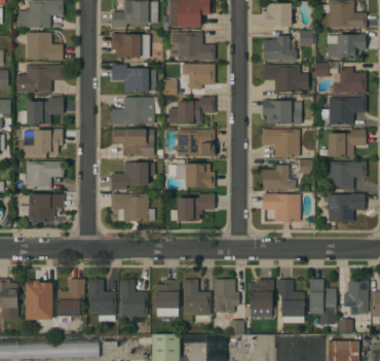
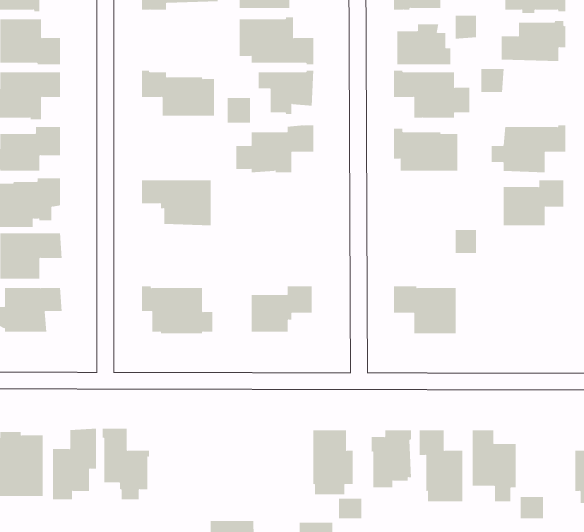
building: [111,33,149,59] -> none
building: [333,68,366,94] -> none
building: [111,98,159,125] -> none
building: [177,129,215,157] -> none
building: [262,130,299,157] -> none
building: [328,161,366,190] -> none
building: [111,163,154,190] -> none
building: [169,164,214,188] -> none
building: [262,166,295,190] -> none
building: [328,194,365,222] -> none
building: [119,280,147,317] -> none
building: [155,280,179,317] -> none
building: [183,280,211,316] -> none
building: [343,282,368,314] -> none

